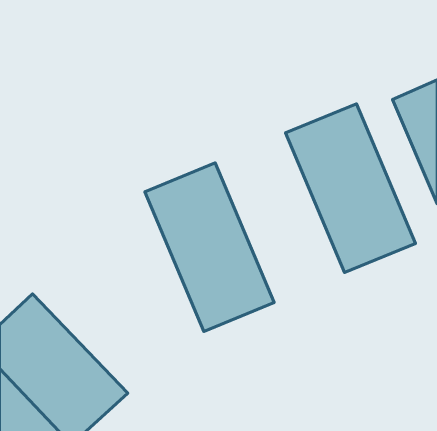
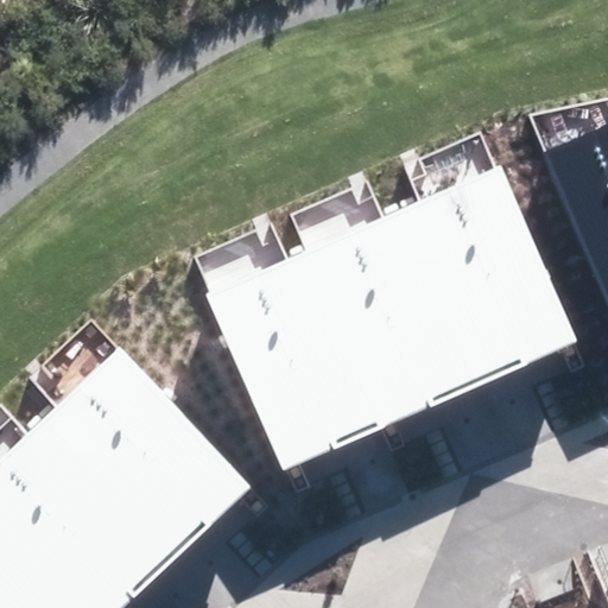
building: none -> [298,194,477,429]
building: none -> [45,344,254,555]

